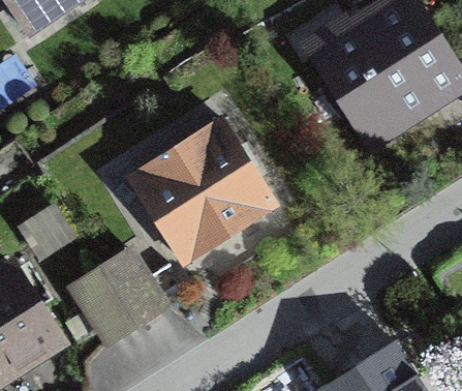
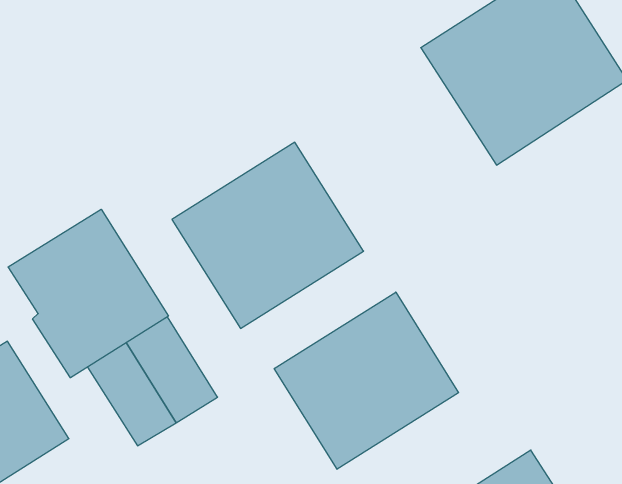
building: none -> [8,209,168,378]
building: none -> [274,292,459,469]

